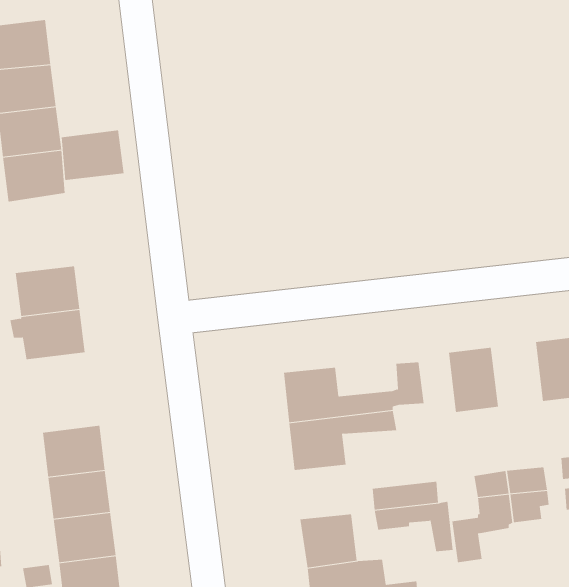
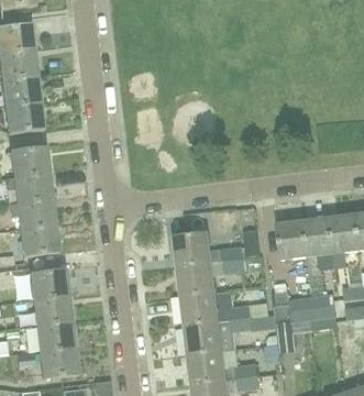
building: [61,130,124,181] -> [10,144,48,175]
building: none -> [301,217,332,256]
building: none -> [19,223,58,255]
building: none -> [181,292,217,324]

